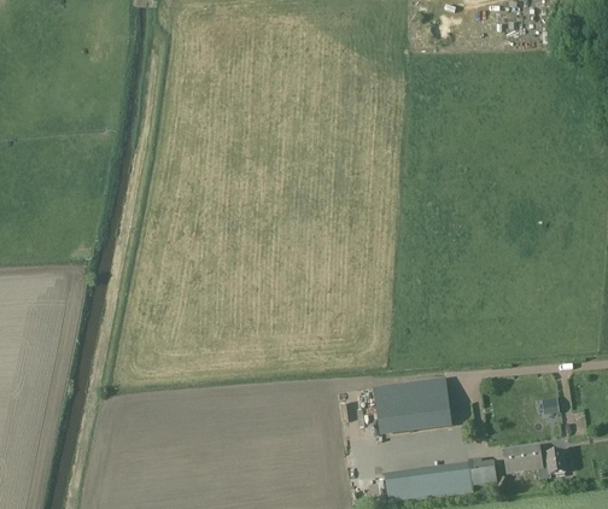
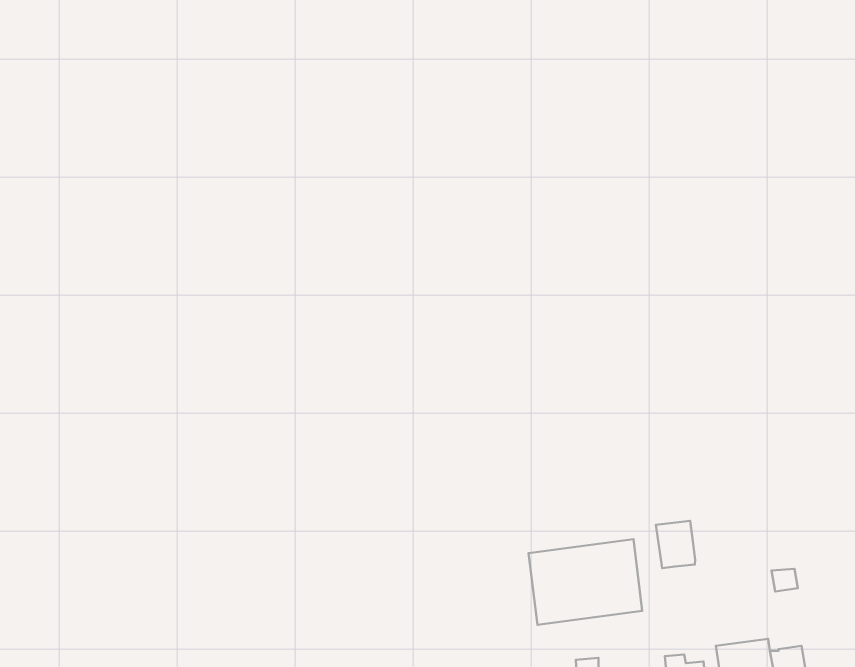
building: none -> [656,521,695,568]

